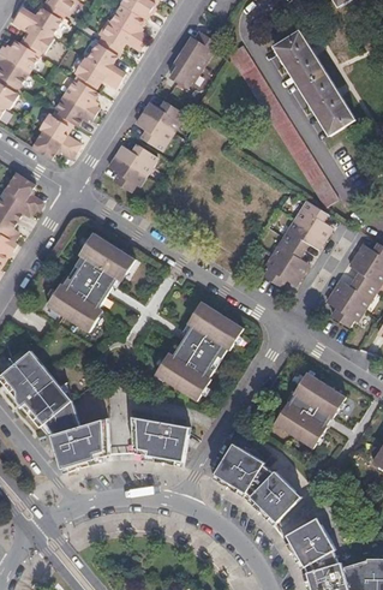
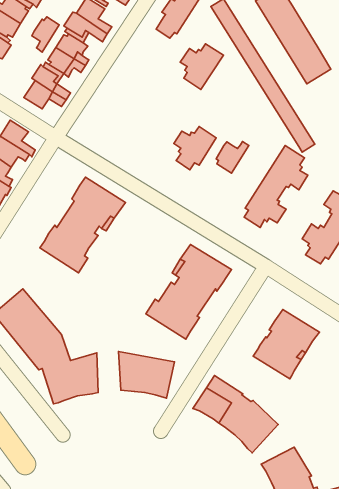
building: none -> [32,17,59,52]
building: [137,100,182,148] -> [180,44,224,89]
building: [110,143,155,189] -> [174,126,216,170]
building: none -> [216,141,249,173]

